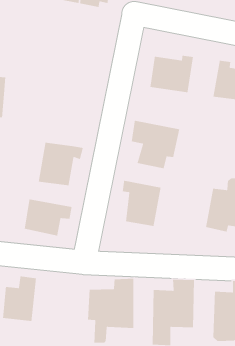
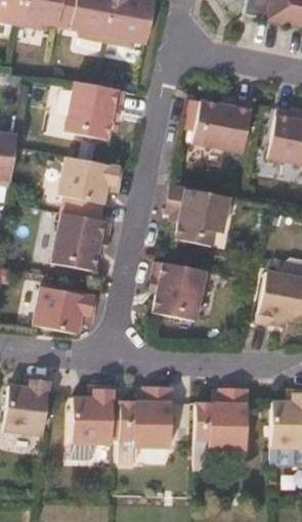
building: none -> [69,77,124,129]
building: none -> [58,157,119,217]
building: none -> [72,384,117,444]

